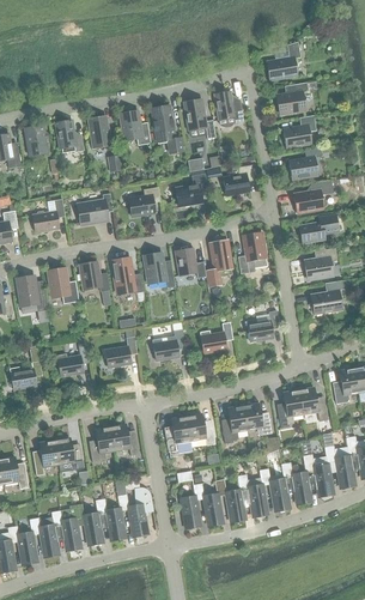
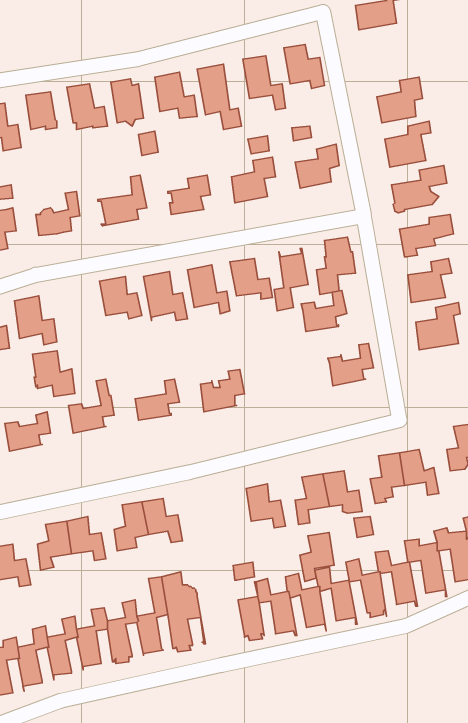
building: [276,83,306,115] -> none
building: [47,271,78,304] -> [33,351,75,397]
building: [199,322,232,352] -> [301,291,347,331]
building: [164,417,189,453] -> [300,532,334,581]

